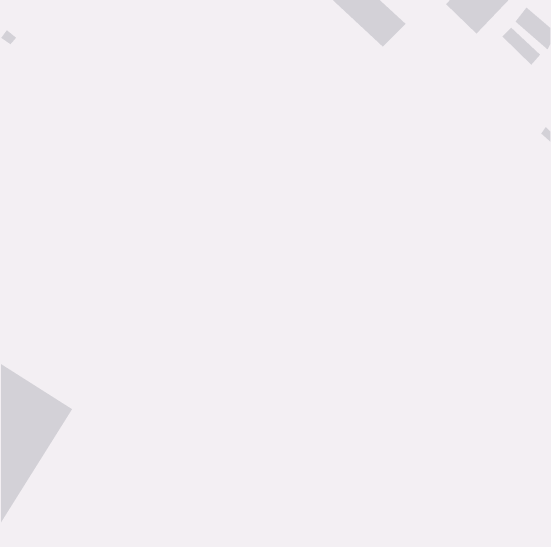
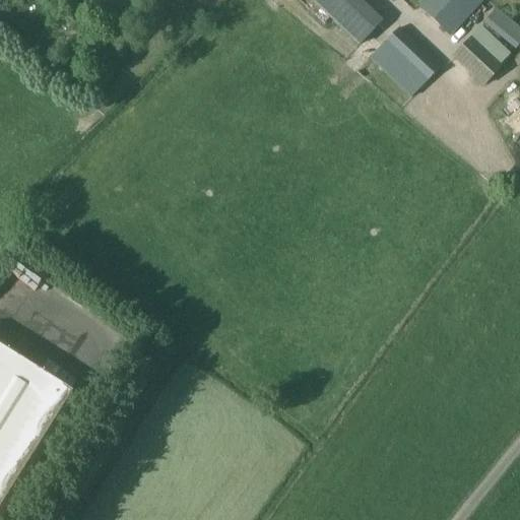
building: none -> [370,25,441,95]
building: none -> [455,38,501,82]

